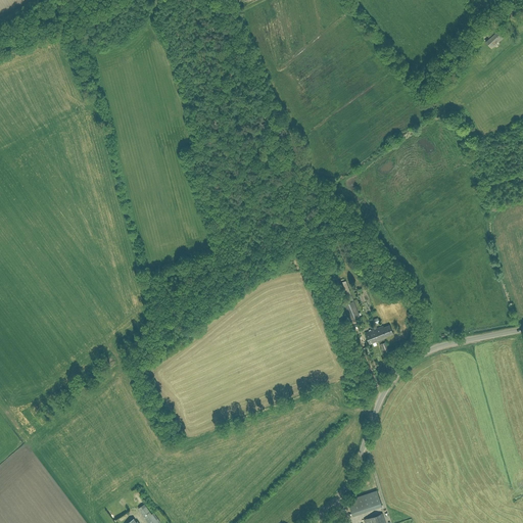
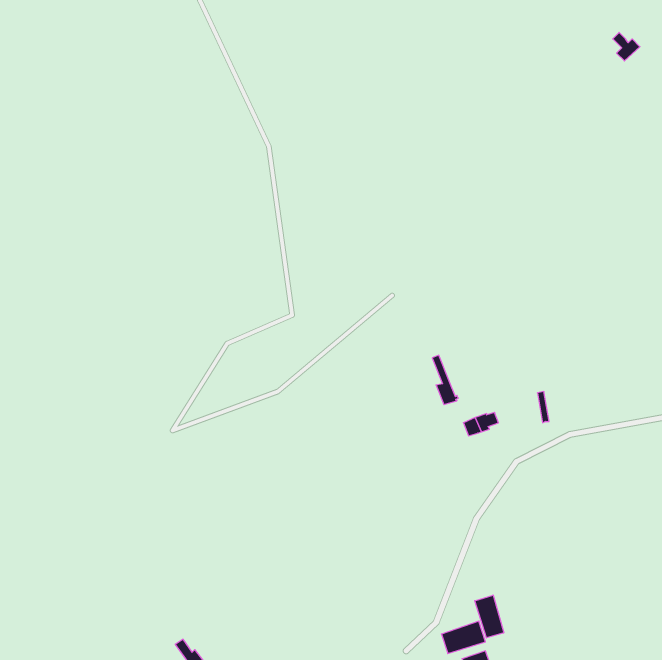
building: none -> [475,595,504,638]

